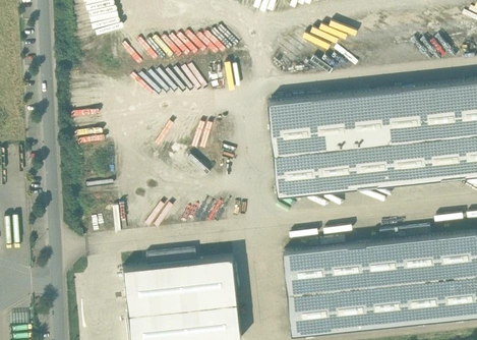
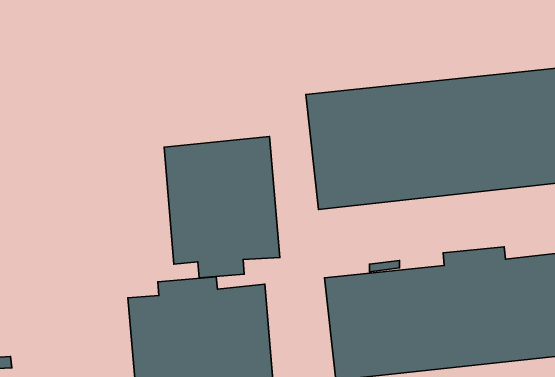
building: none -> [164,136,280,278]

